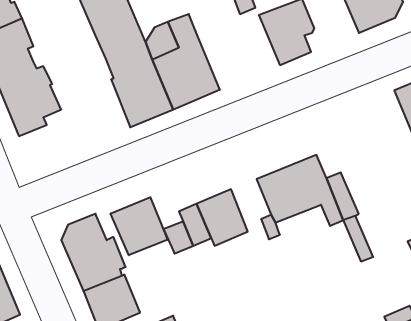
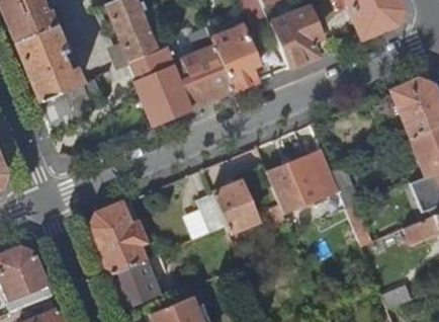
building: none -> [212,23,258,89]
building: [111,197,168,255] -> none

